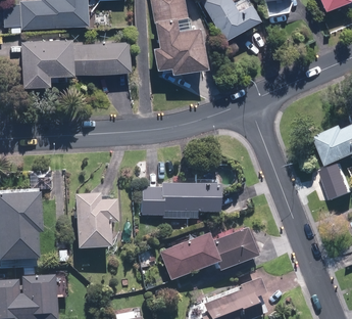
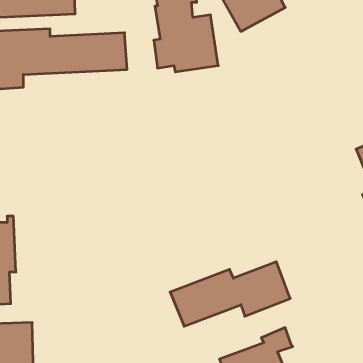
building: [143,183,219,220] -> none
building: [74,194,117,249] -> none

